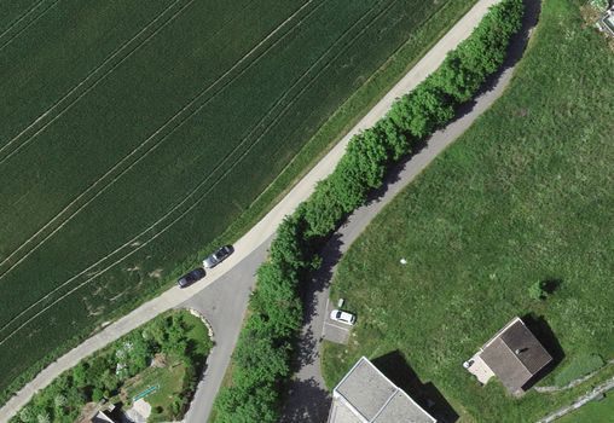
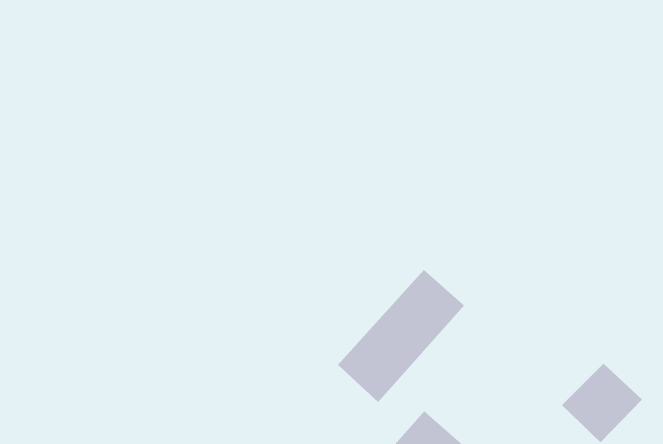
building: none -> [337,269,465,403]

